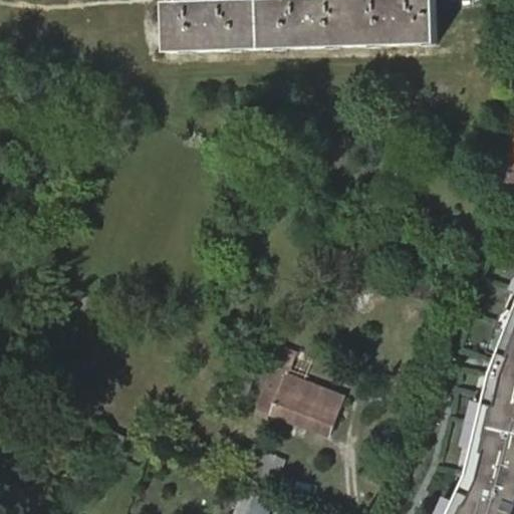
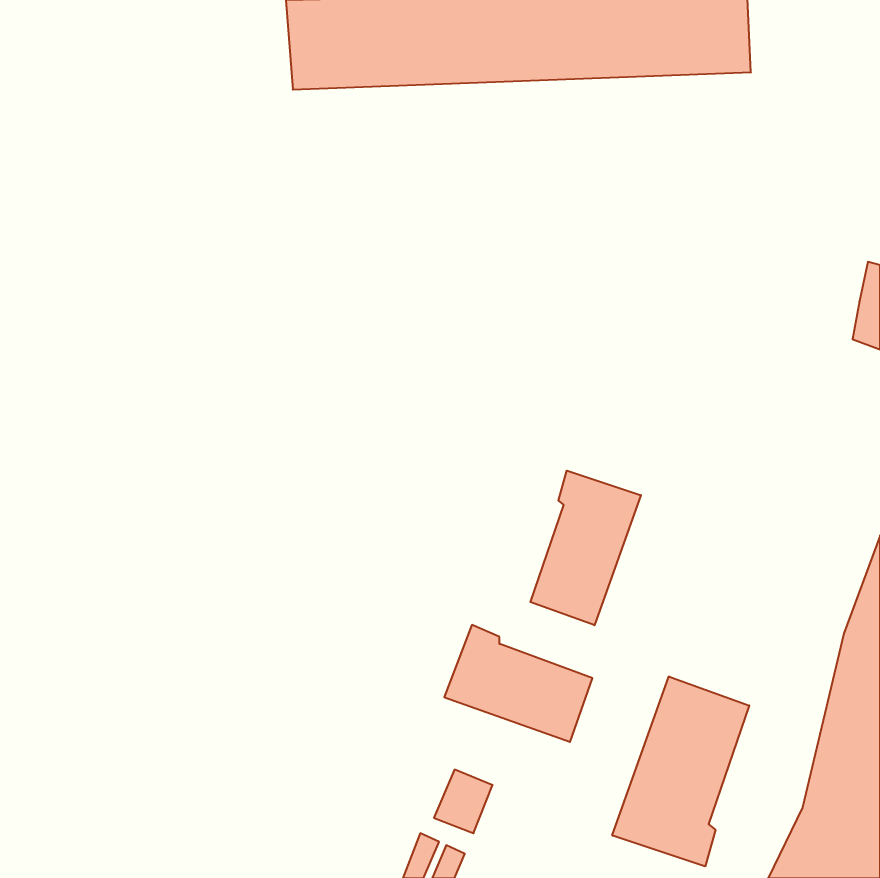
building: none -> [530,471,641,625]
building: none -> [612,676,749,866]

